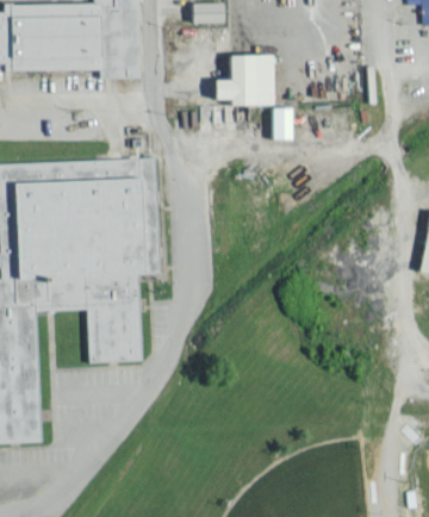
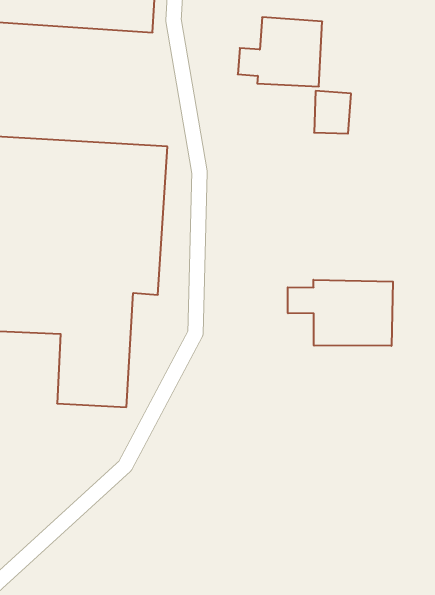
building: none -> [288,280,393,346]

